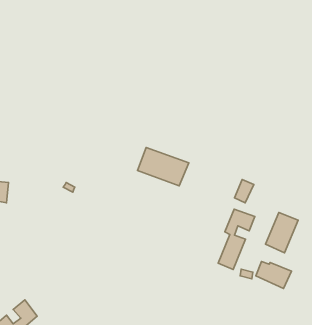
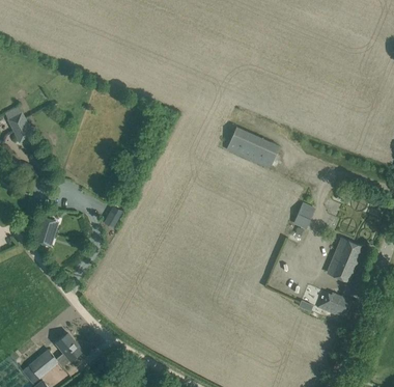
building: [138,147,189,186] -> [227,127,282,168]
building: [218,209,255,269] -> none

